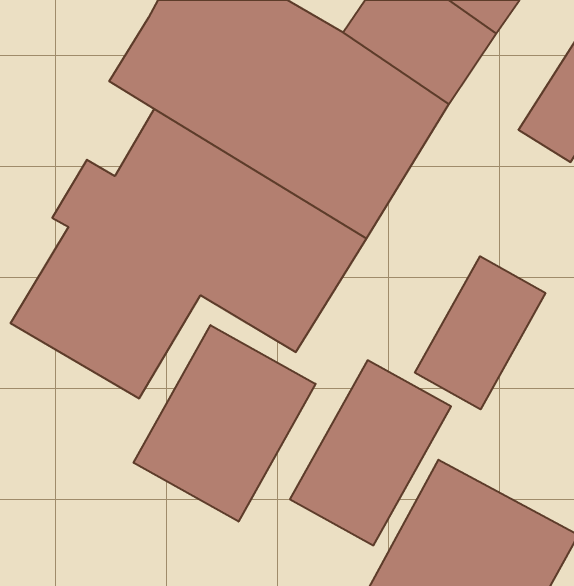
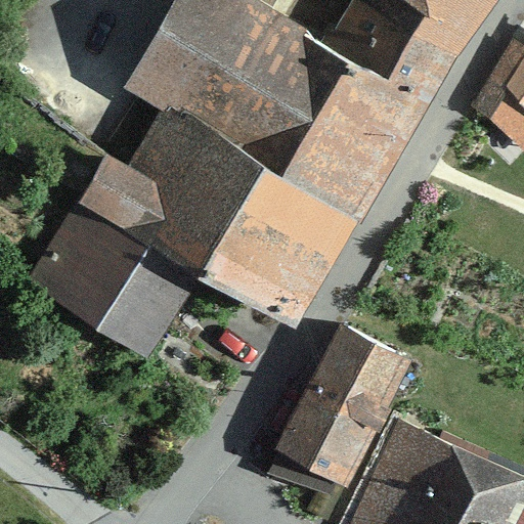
building: [415,256,545,409] -> none
building: [134,325,316,522] -> none

